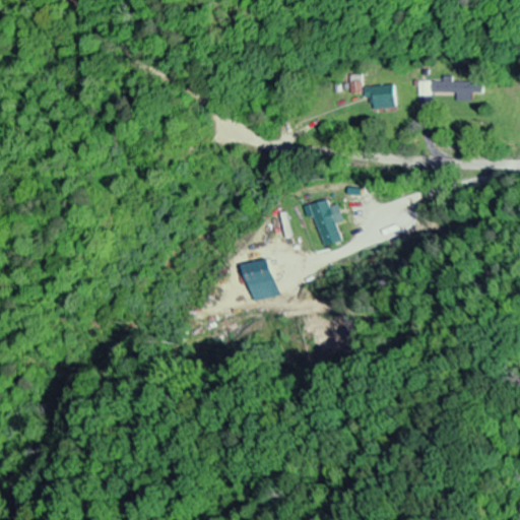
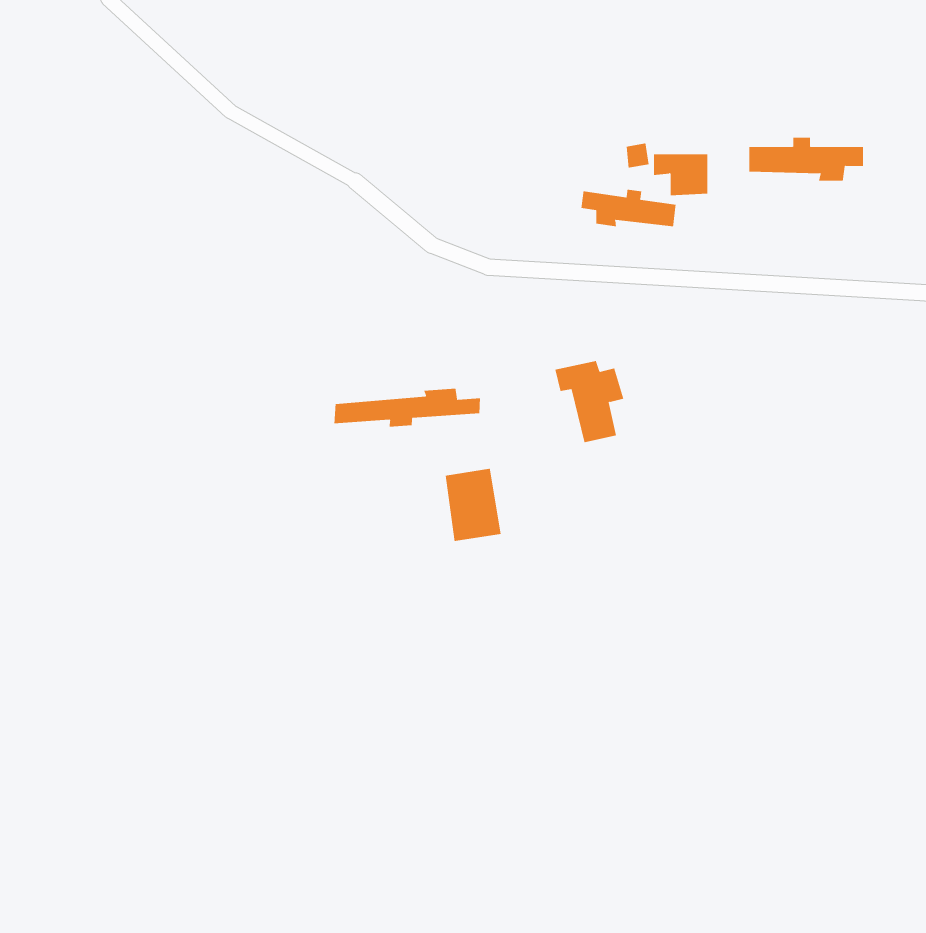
building: none -> [581,189,676,227]
building: none -> [334,388,481,428]

